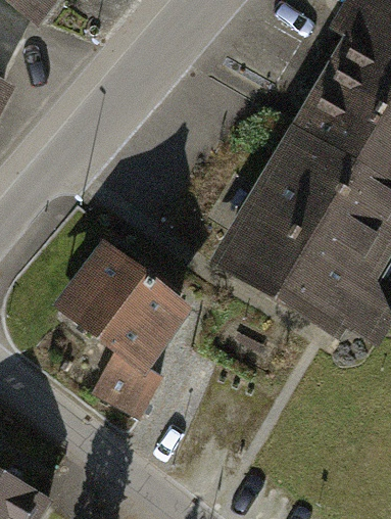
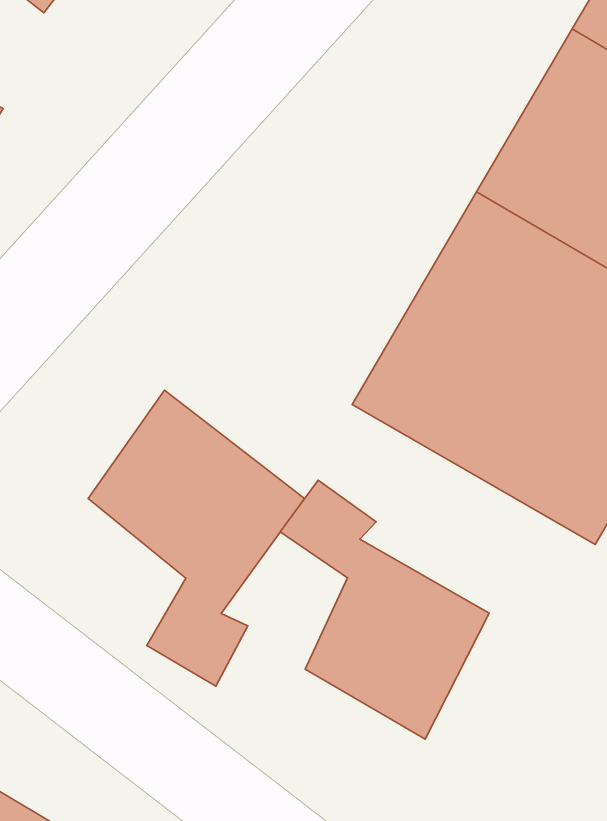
building: none -> [280,480,489,739]

